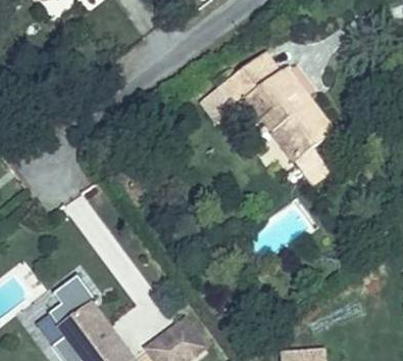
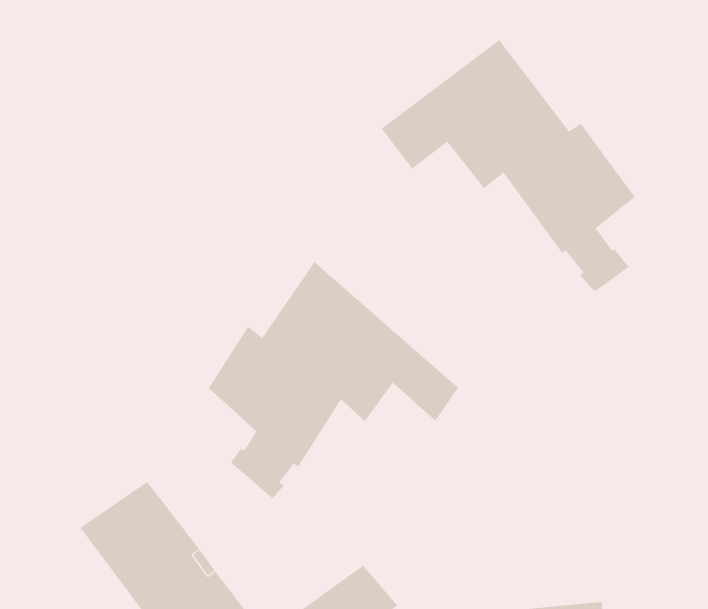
building: none -> [208,261,459,499]

